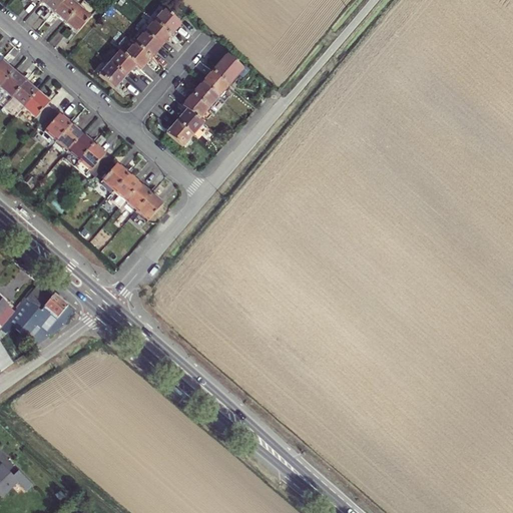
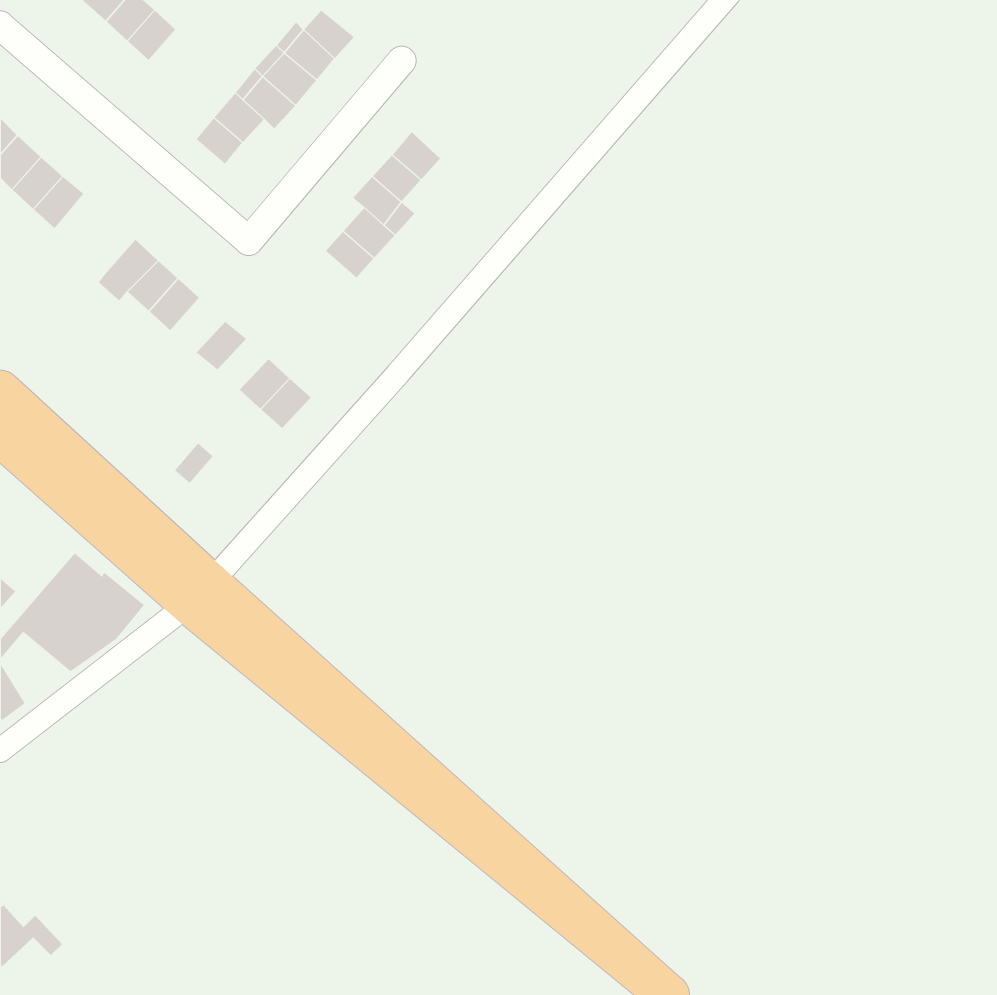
building: [212,51,241,81] -> none
building: [37,107,71,139] -> none
building: [106,173,139,207] -> none

